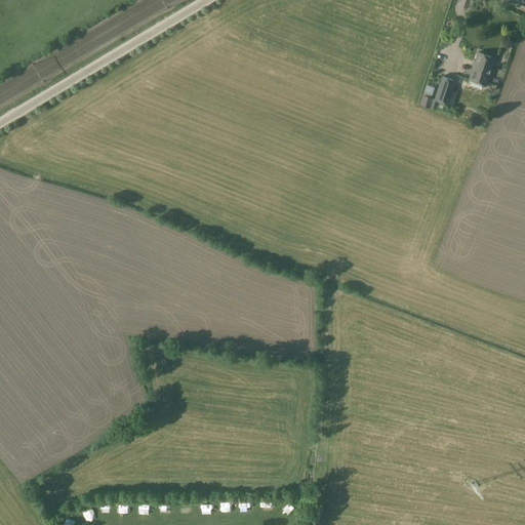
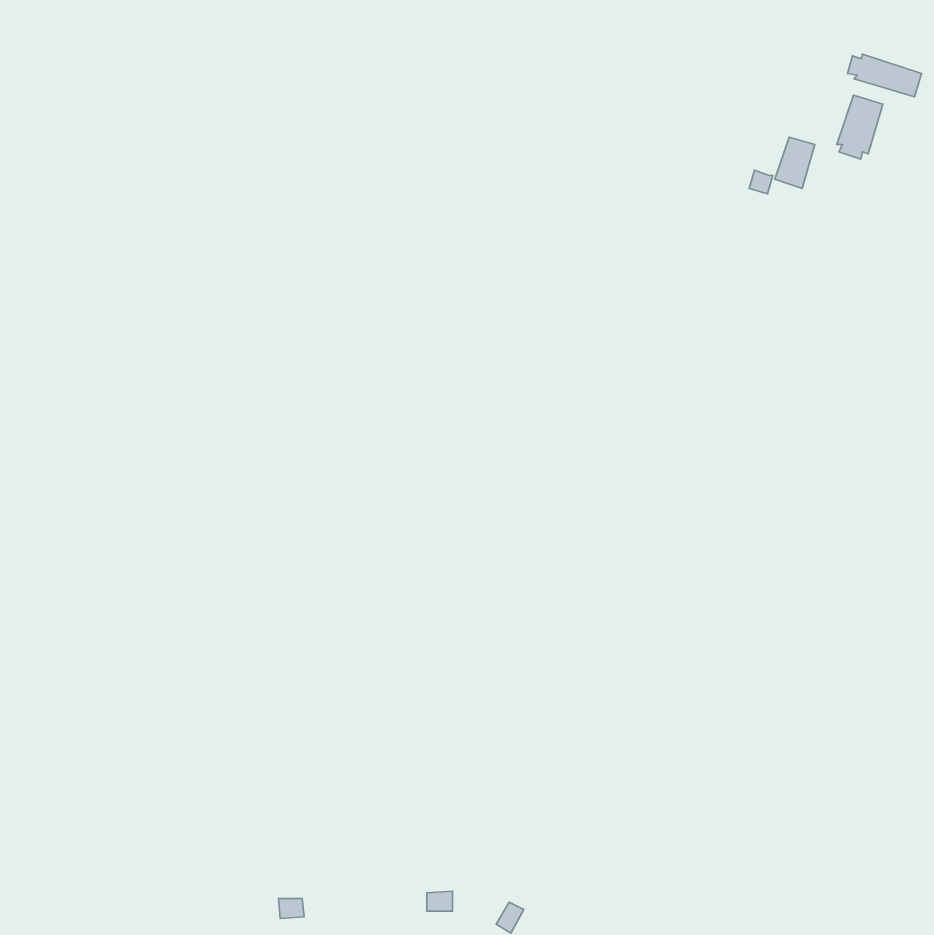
building: none -> [848,54,922,97]

